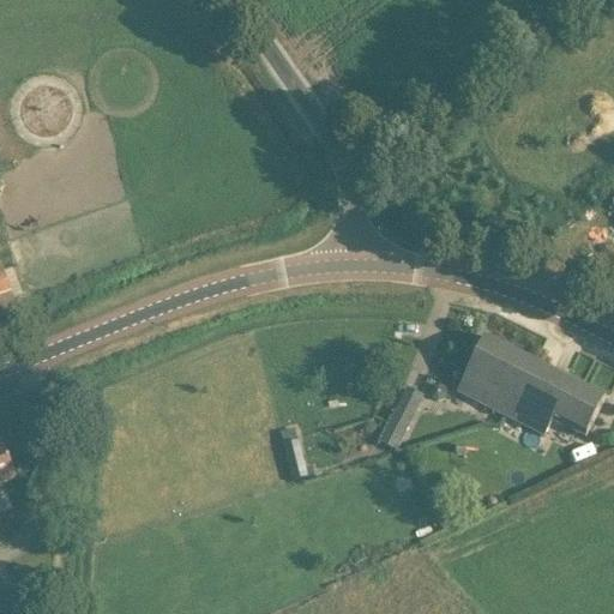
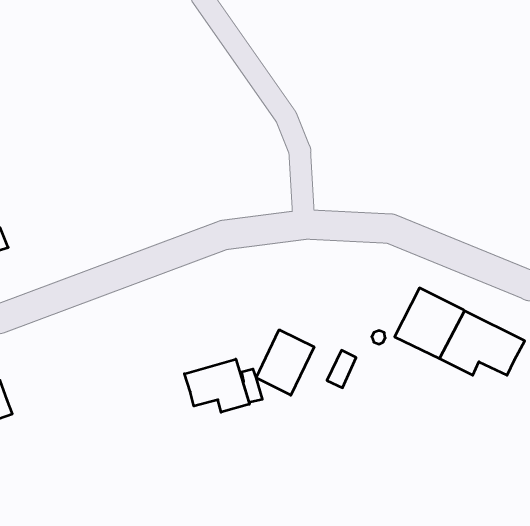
building: none -> [256,330,314,395]
building: none -> [184,359,249,412]

